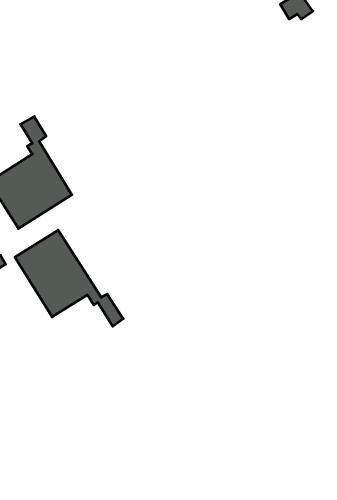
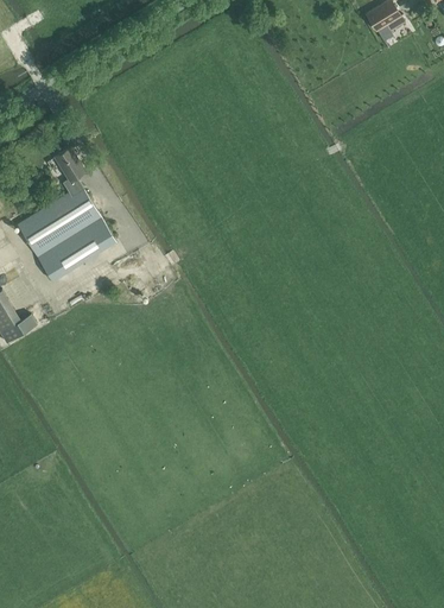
building: [15,230,123,326] -> none

